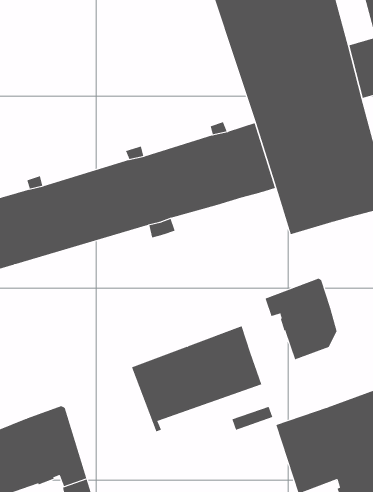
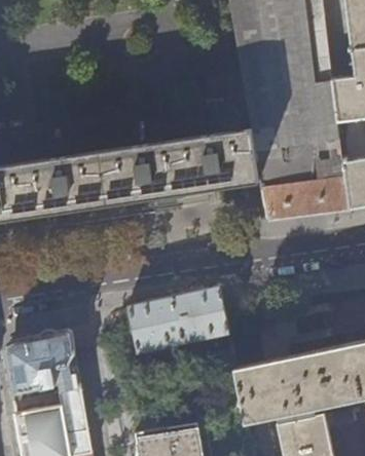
building: [265,278,337,360] -> none

